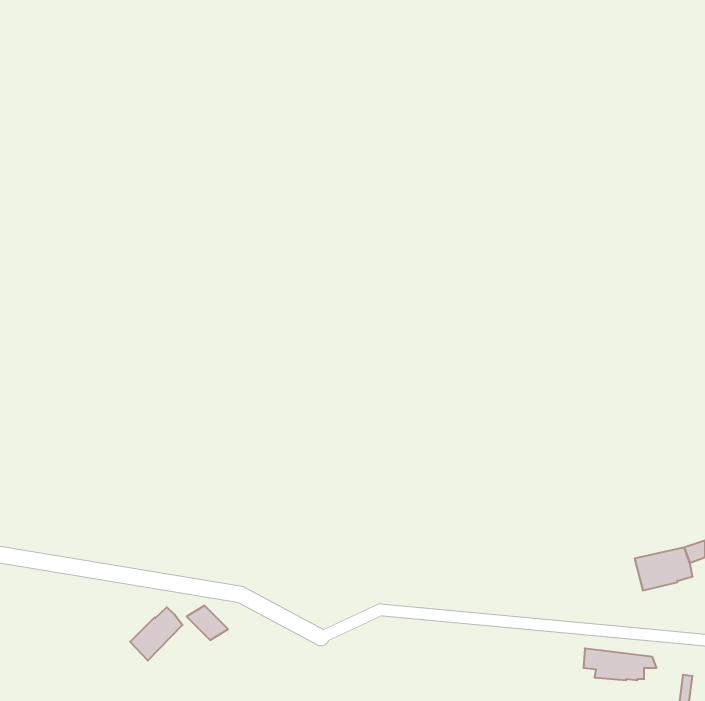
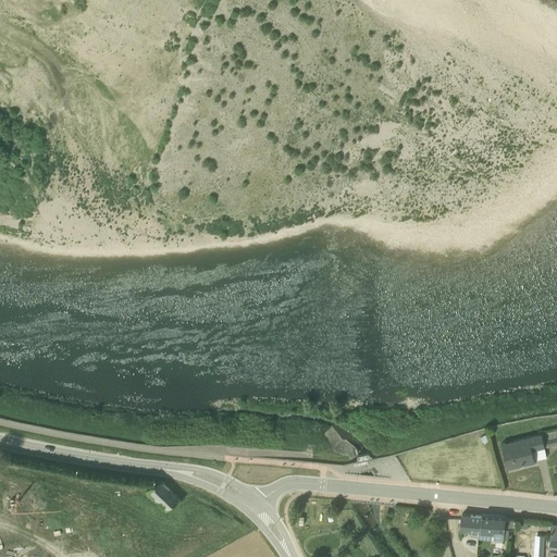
building: [130,607,183,661] -> none

